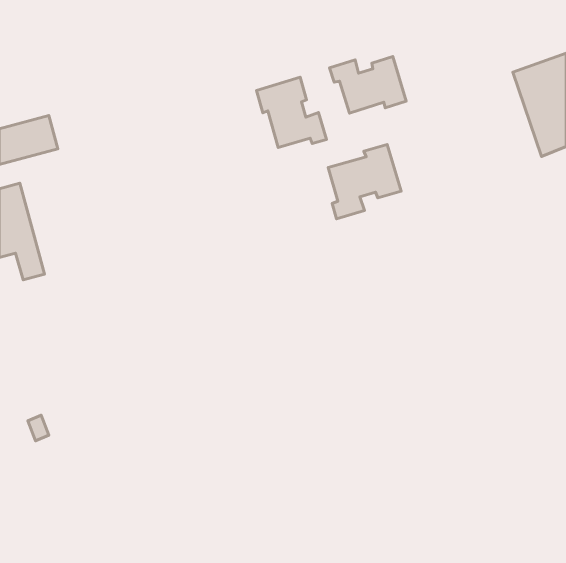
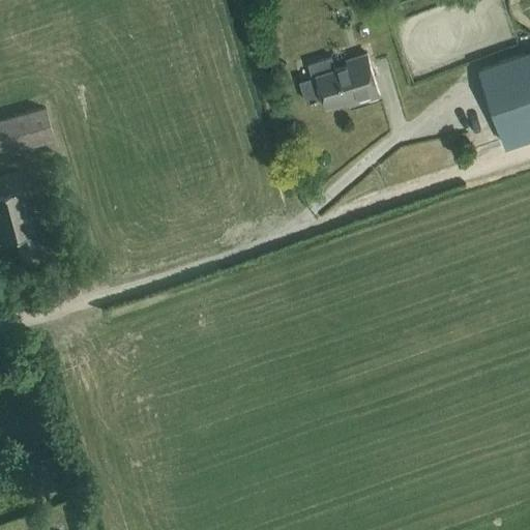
building: [256,77,327,147] -> none
building: [328,145,401,219] -> none

